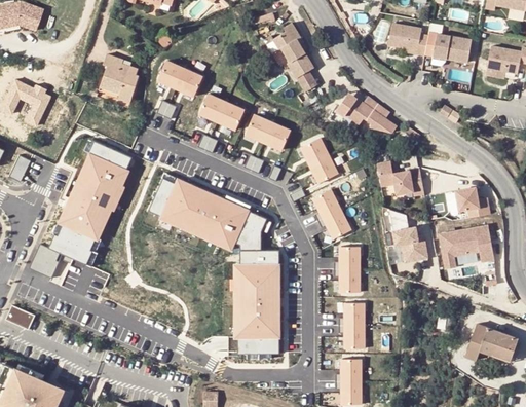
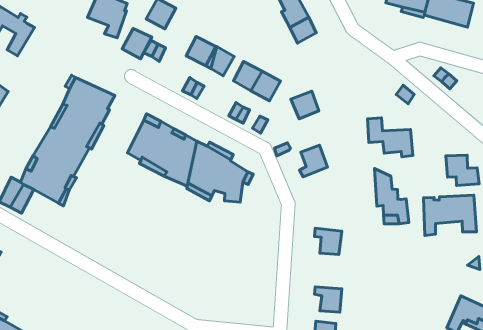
building: [176,68,203,97] -> [122,28,152,59]
building: [336,92,397,133] -> none
building: [311,156,338,183] -> none
building: [320,210,352,238] -> none
building: [335,247,361,270] -> none
building: [237,250,280,353] -> none
building: [339,302,365,326] -> none

